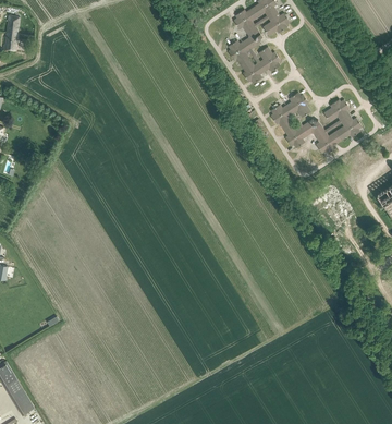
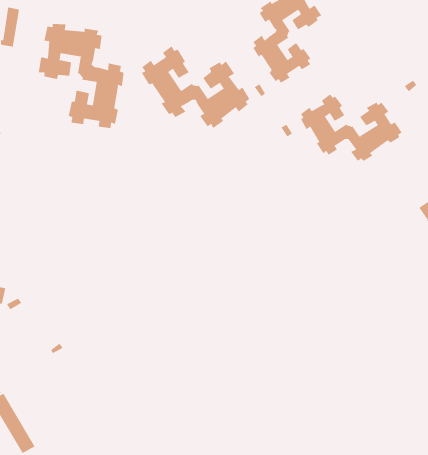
building: none -> [38,23,124,129]
building: none -> [141,46,250,129]

